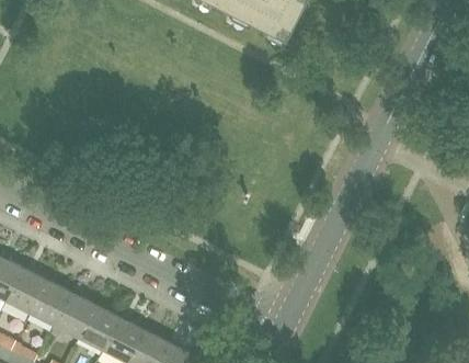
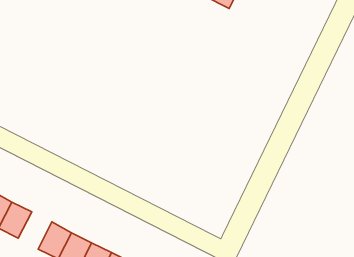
building: [30,282,70,327] -> none

